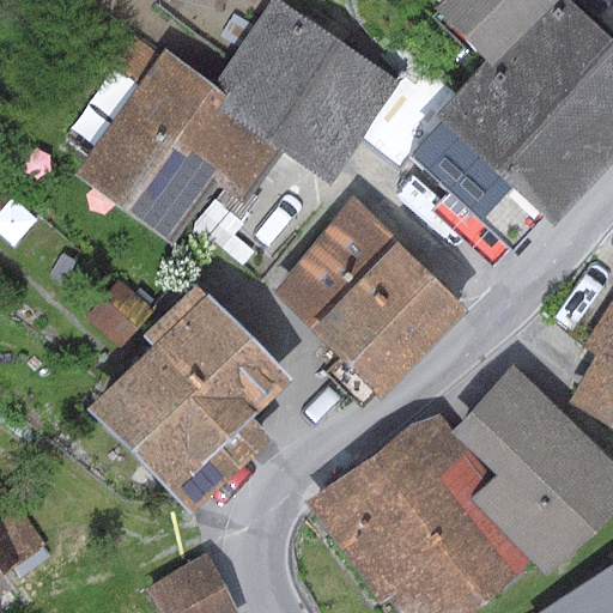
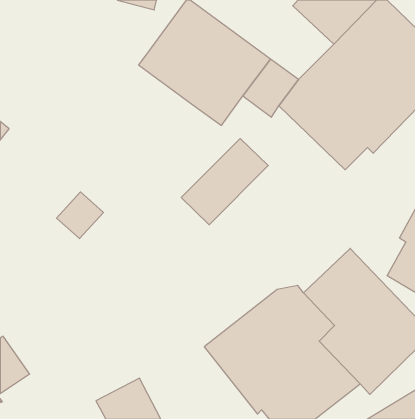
building: [74,49,287,245] -> none
building: [311,242,467,396] -> none
building: [89,283,290,514] -> none

